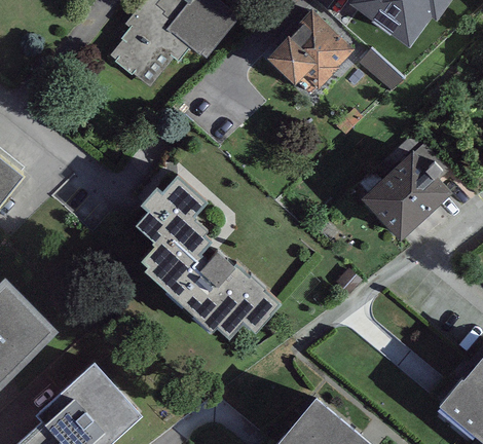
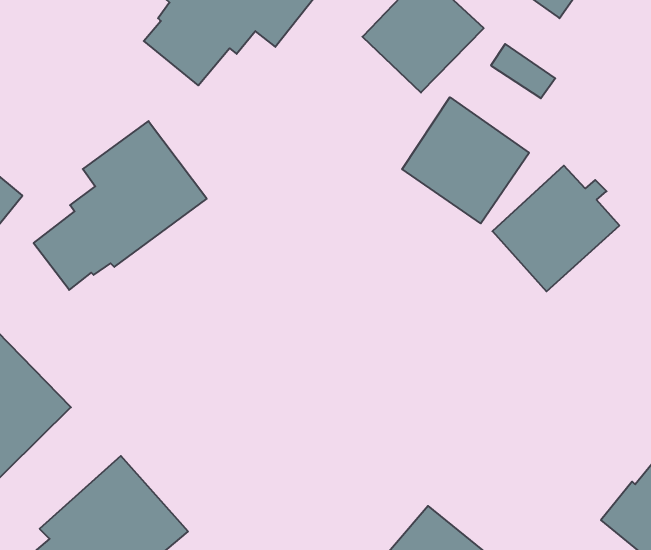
building: none -> [402,97,529,223]
building: none -> [34,121,207,290]
building: [135,175,282,337] -> none

